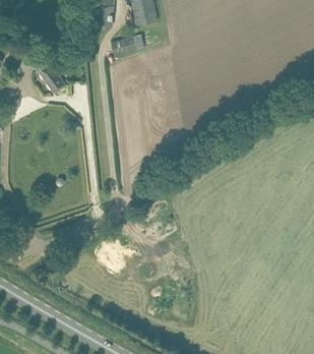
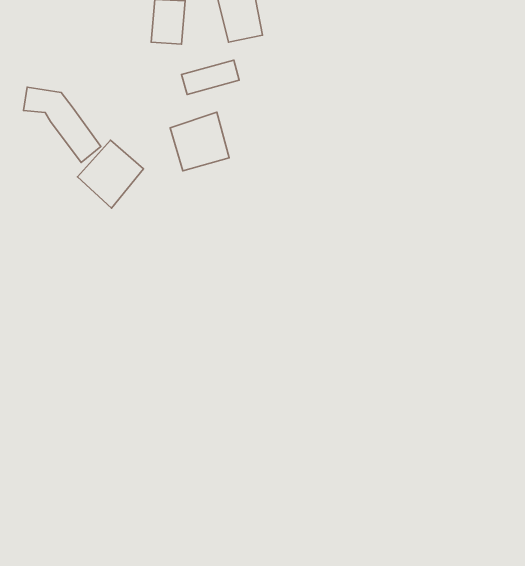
building: none -> [170,112,229,171]
building: none -> [77,140,144,208]

